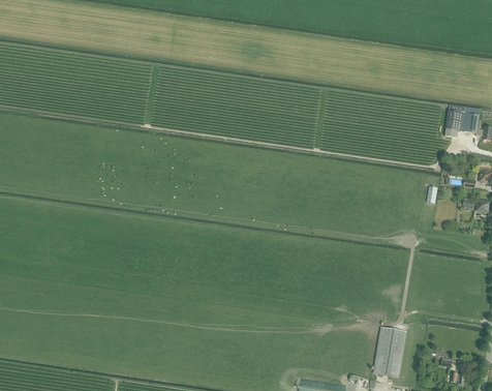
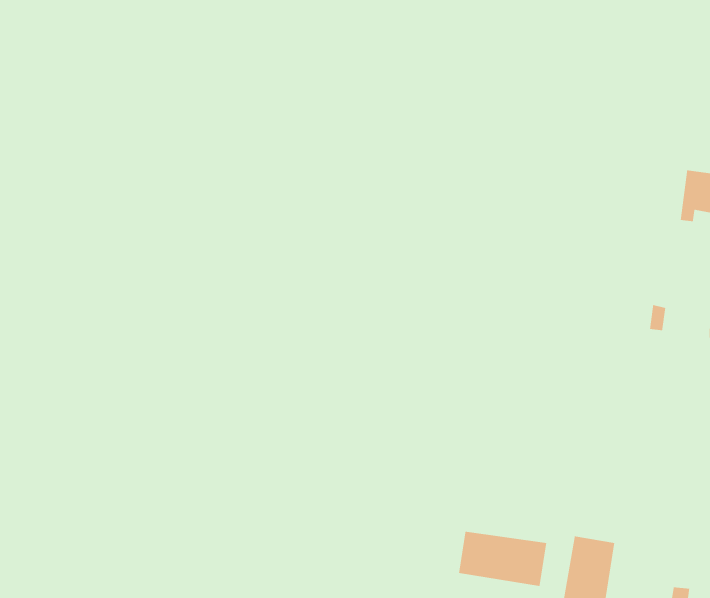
building: none -> [458,531,547,587]

